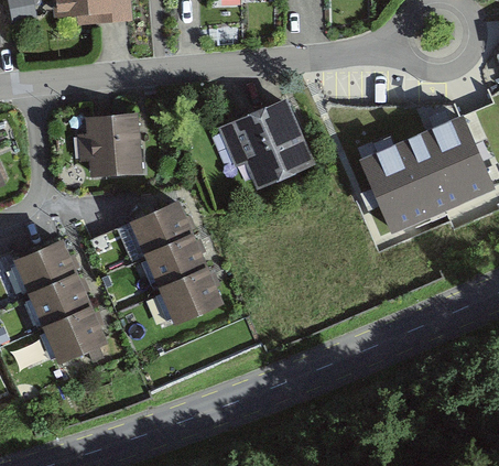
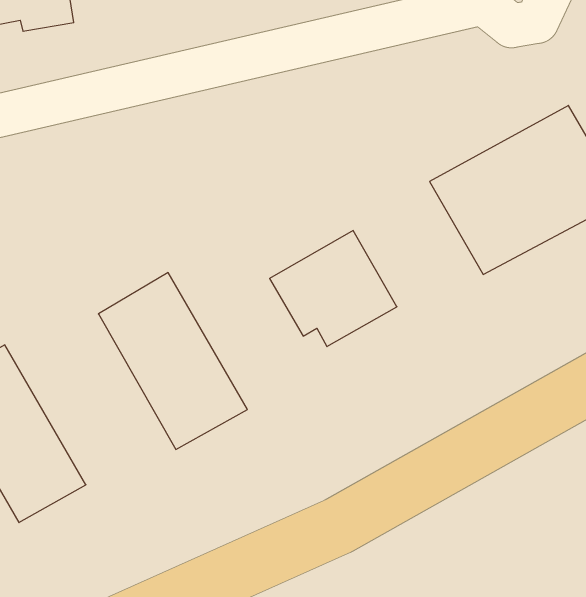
building: [223,101,307,178] -> [270,231,397,347]
building: [86,117,140,177] -> none

